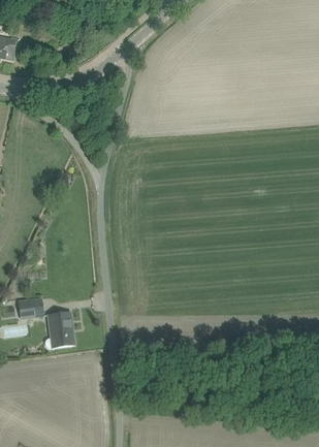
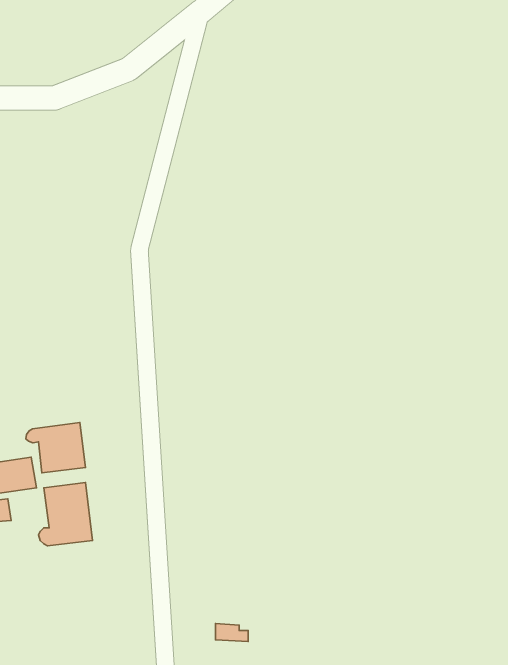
building: none -> [26,423,85,473]

